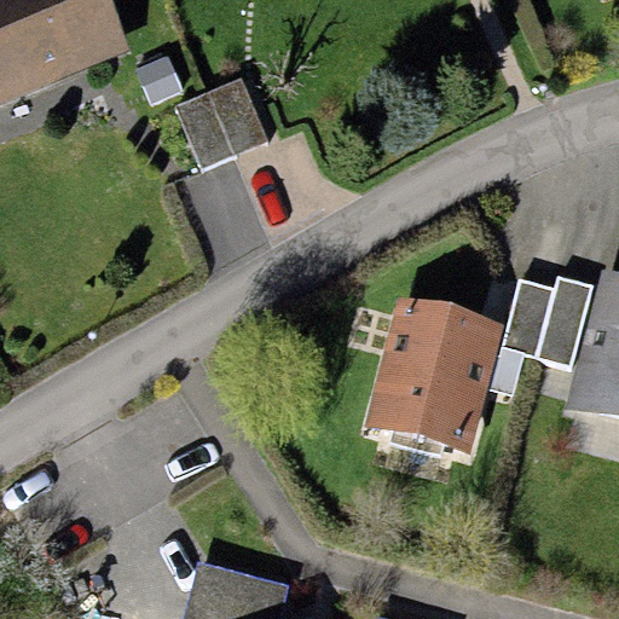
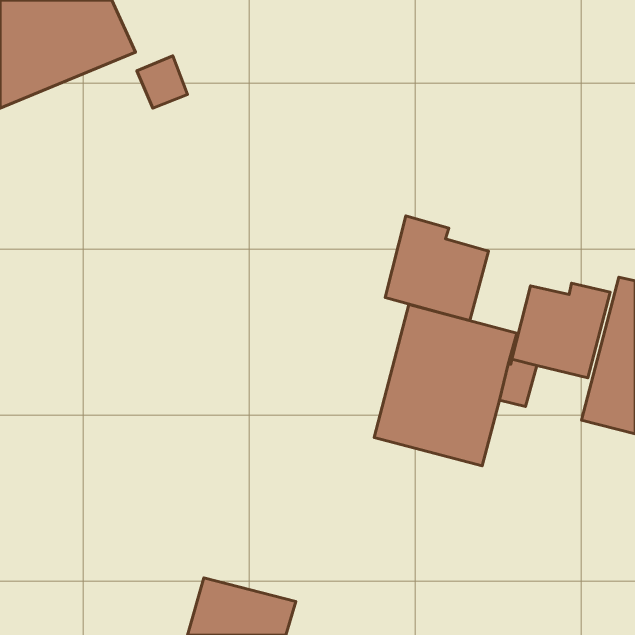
building: [174,76,268,169] -> none
building: none -> [385,216,488,321]

